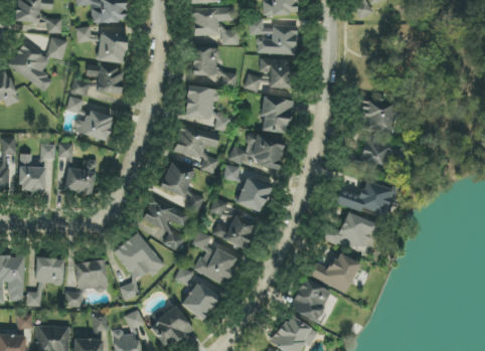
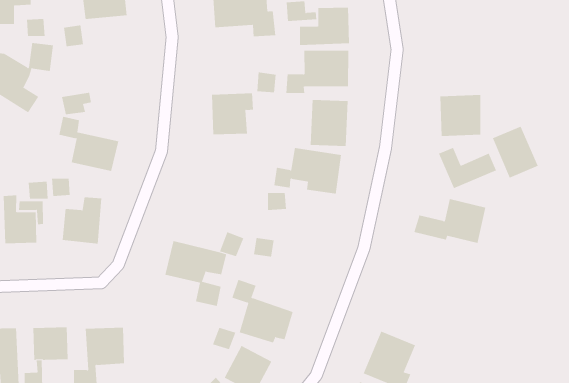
building: [98,33,125,62] -> none
building: [191,47,218,74] -> none
building: [86,65,123,94] -> none
building: [174,126,220,173] -> none
building: none -> [492,126,538,178]
building: [159,161,194,198] -> none
building: [235,175,272,213] -> none
building: [334,210,376,252] -> none
building: [212,213,257,249] -> none
building: [113,232,164,301] -> none
building: [310,253,359,292] -> none

